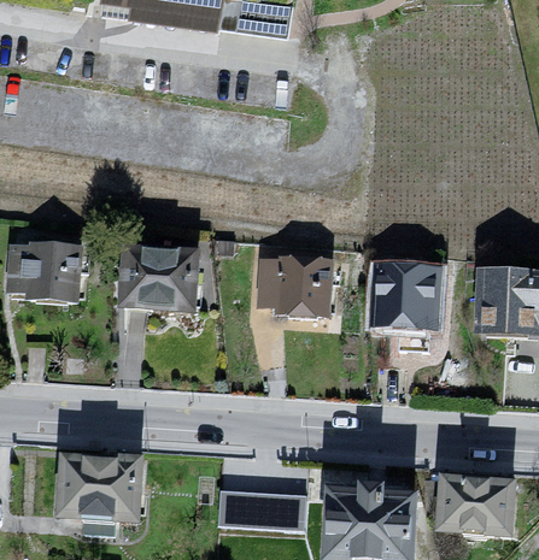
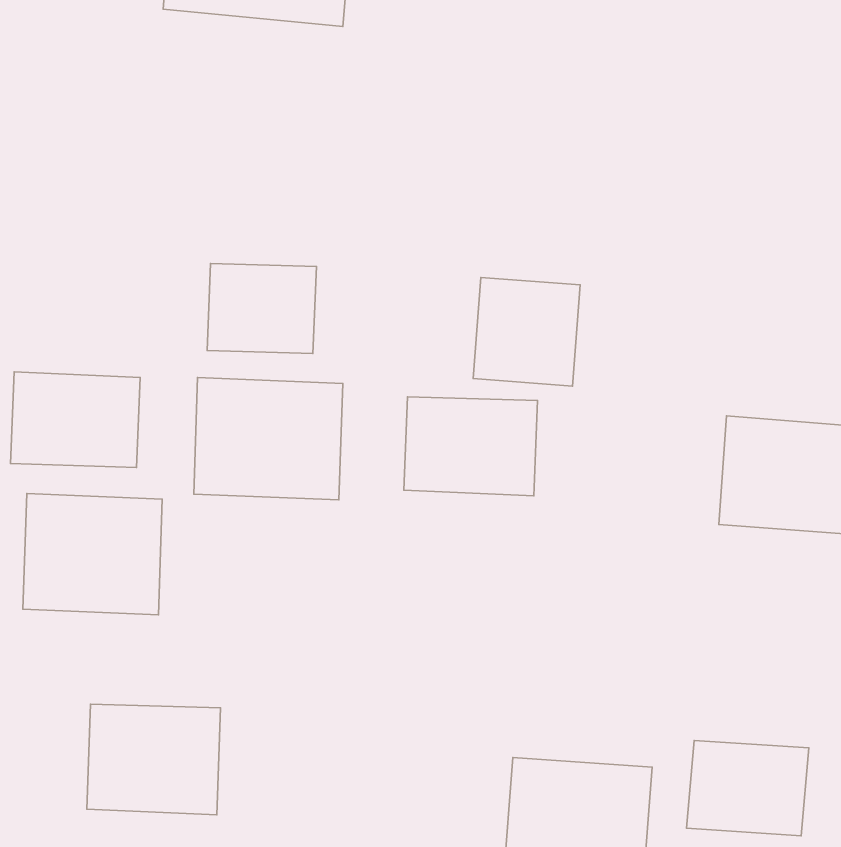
building: none -> [207,264,316,353]
building: [365,263,433,331] -> [473,277,580,386]
building: none -> [23,494,162,615]
building: [217,485,305,529] -> none

